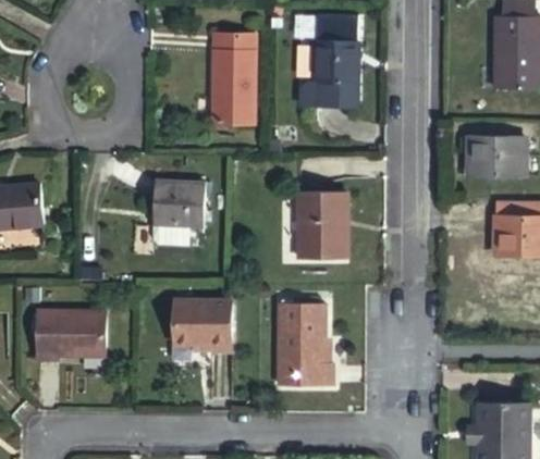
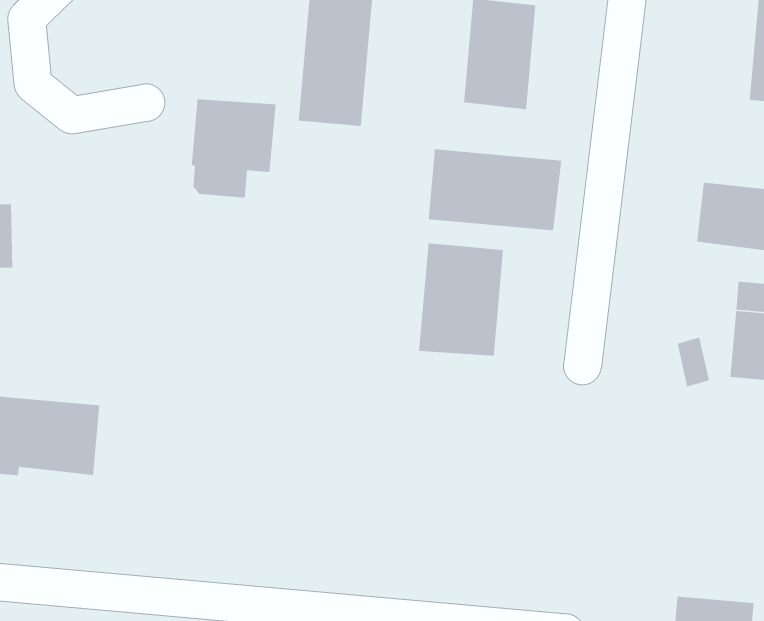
building: none -> [428,149,562,231]
building: [149,182,199,243] -> [191,98,276,199]
building: [173,299,230,349] -> none
building: [279,303,332,386] -> none

